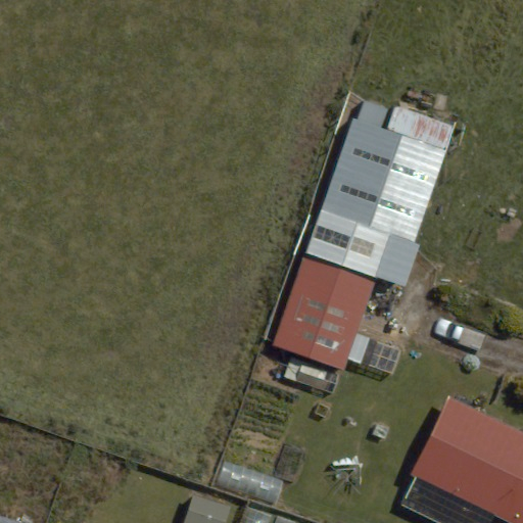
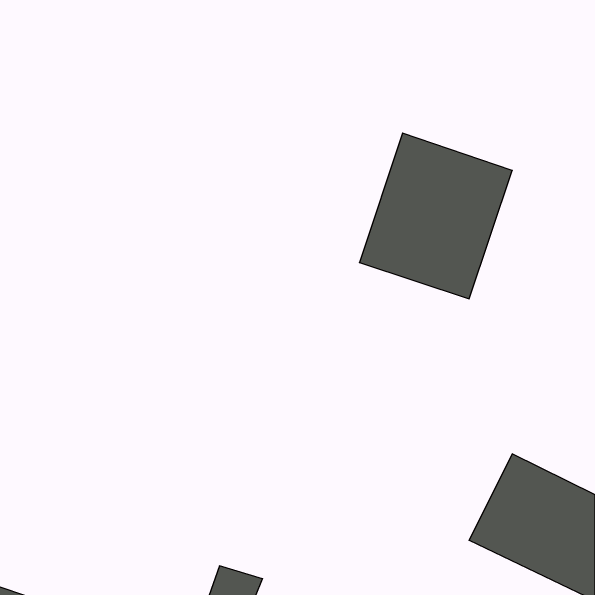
building: [271,256,374,372] -> none

